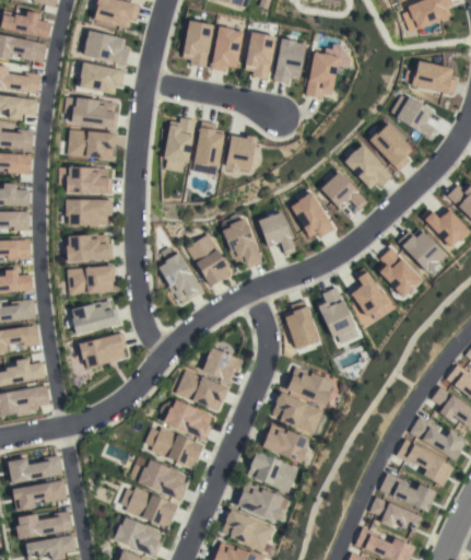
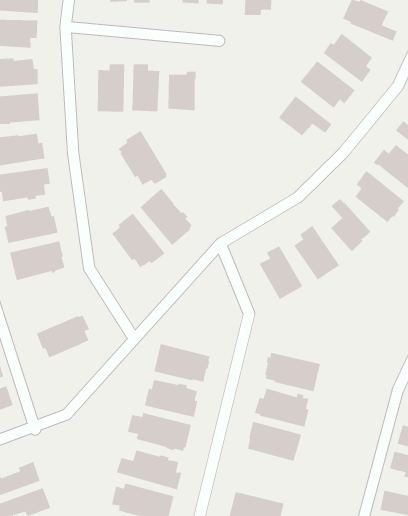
building: [291,191,333,237] -> none
building: [258,212,295,255] -> none
building: [222,218,262,268] -> [117,130,168,186]
building: [71,300,119,335] -> none
building: [202,348,244,383] -> none
building: [283,366,333,406] -> none
building: [233,482,287,522] -> none

